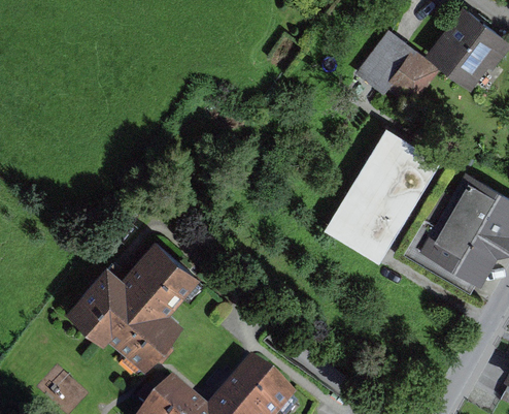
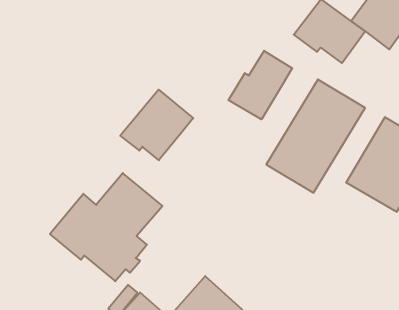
building: none -> [228,51,292,119]
building: none -> [120,90,193,160]

